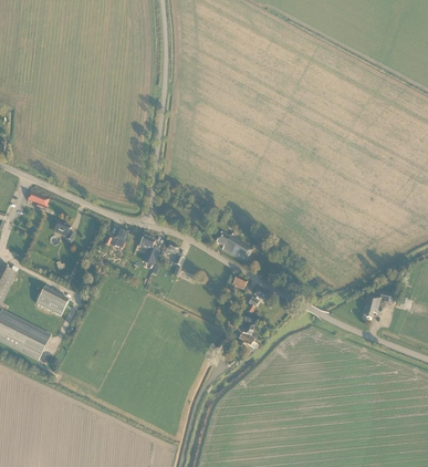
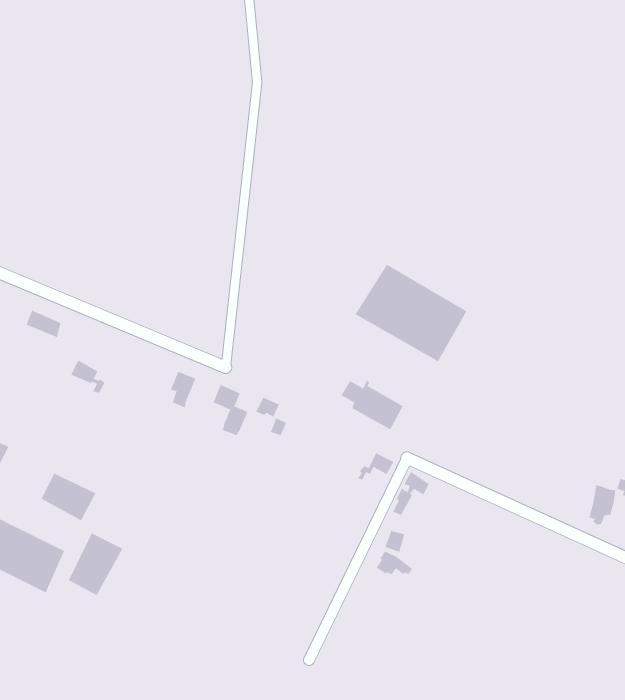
building: none -> [355,264,467,362]
building: none -> [68,533,123,596]

